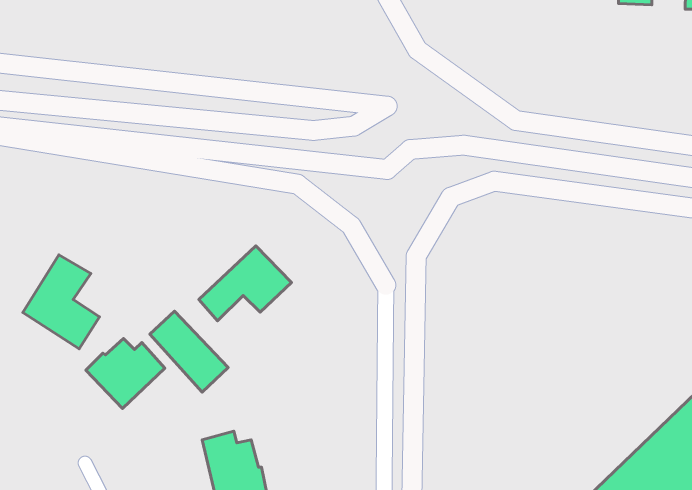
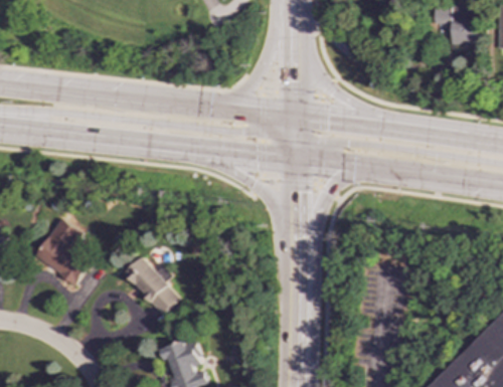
building: [199,246,292,321] -> none
building: [86,339,165,408] -> none

